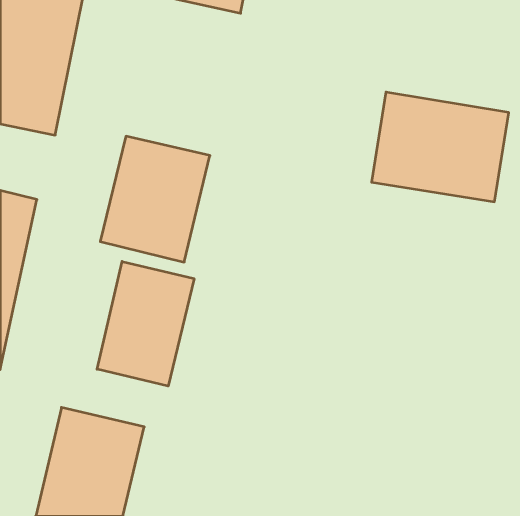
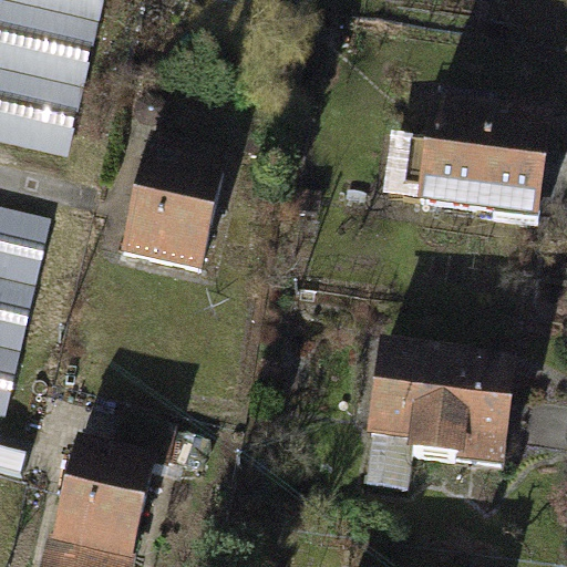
building: [97,261,194,386] -> none
building: none -> [359,350,514,471]

